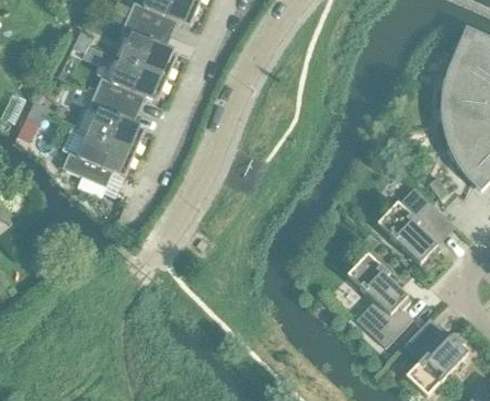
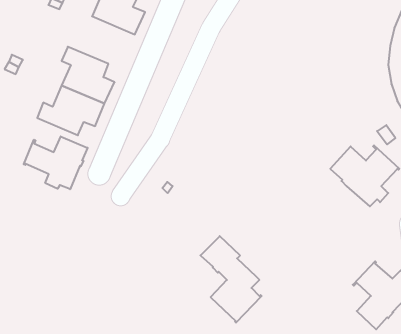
building: [93,58,166,110] -> none
building: none -> [24,136,88,189]
building: [345,253,411,346] -> [200,236,262,323]

